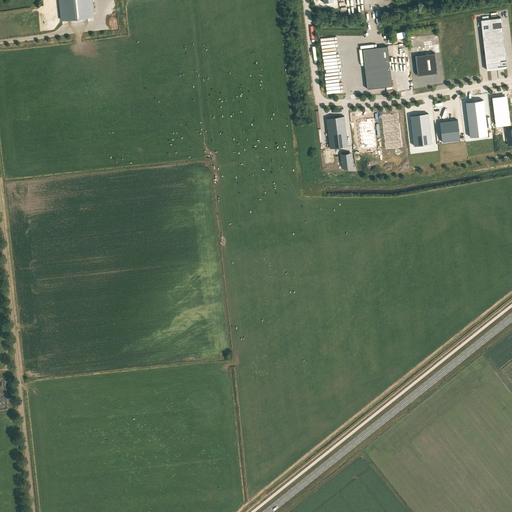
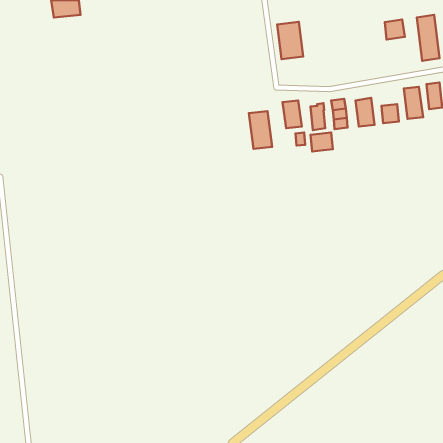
building: [362,46,392,89] -> [277,22,303,59]
building: [415,53,438,76] -> [385,20,405,39]
building: none -> [249,111,272,149]
building: none -> [311,133,333,152]

